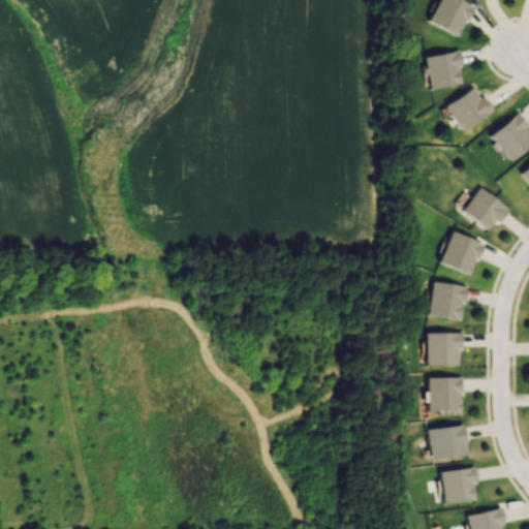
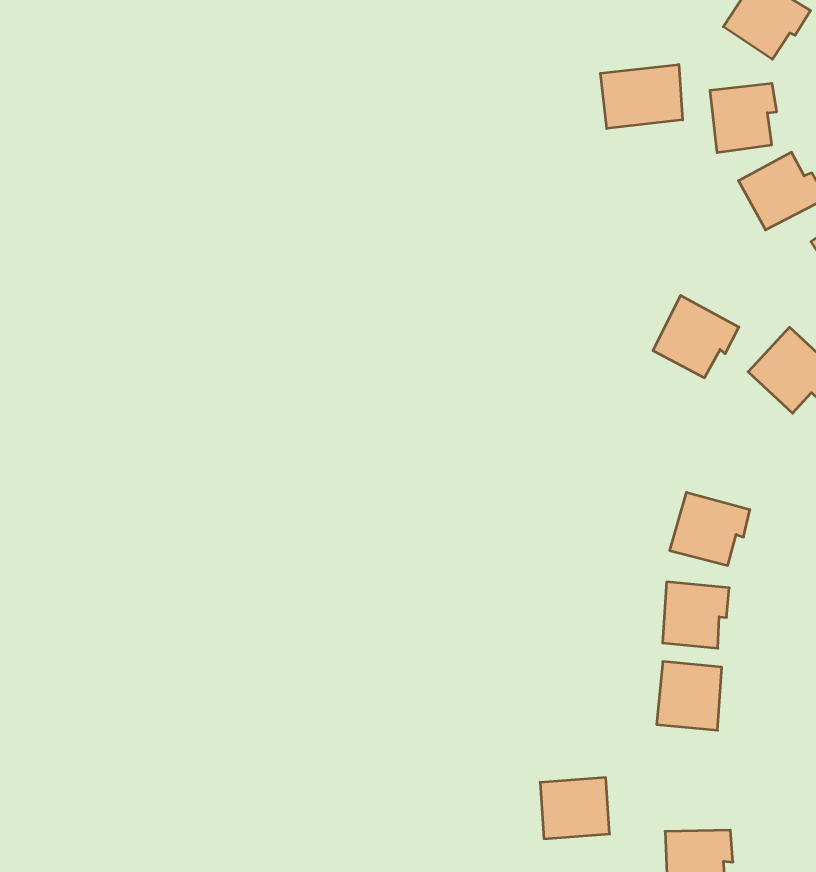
building: none -> [600,64,683,129]
building: [440,230,487,275] -> [653,295,739,378]
building: [428,423,469,460] -> [540,778,610,839]

